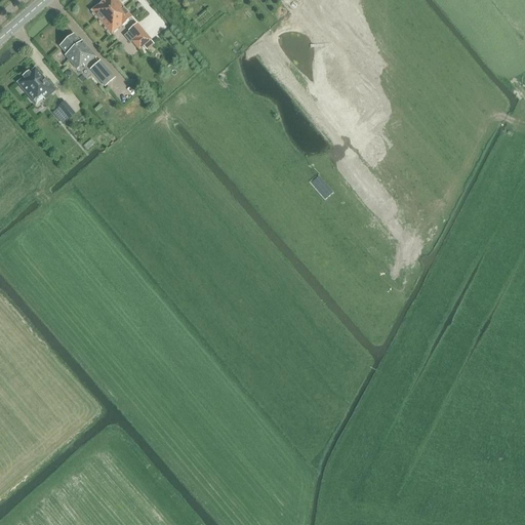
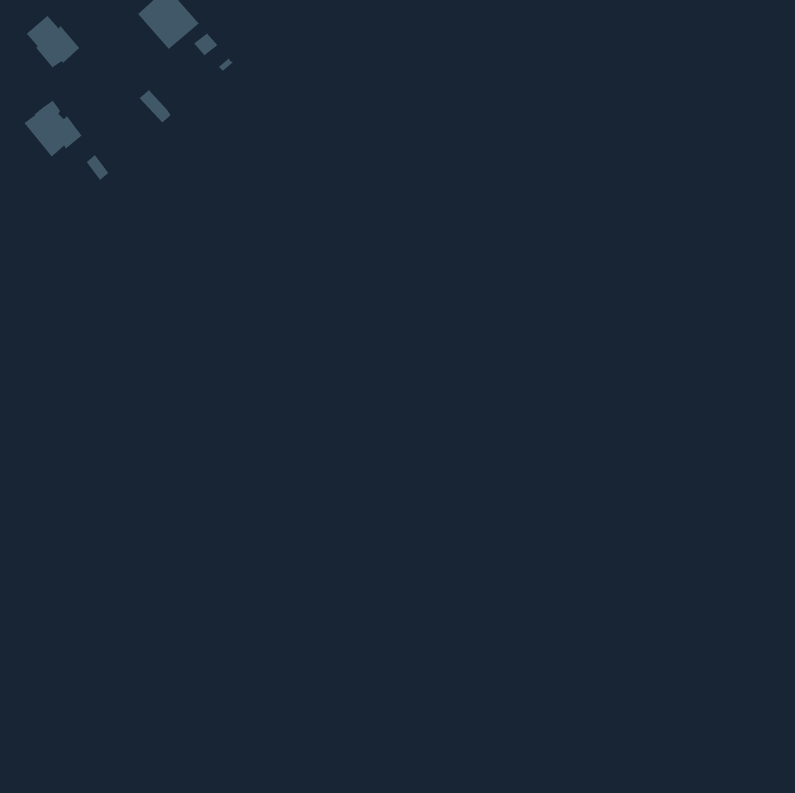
building: [58,33,94,68] -> [26,15,80,68]

